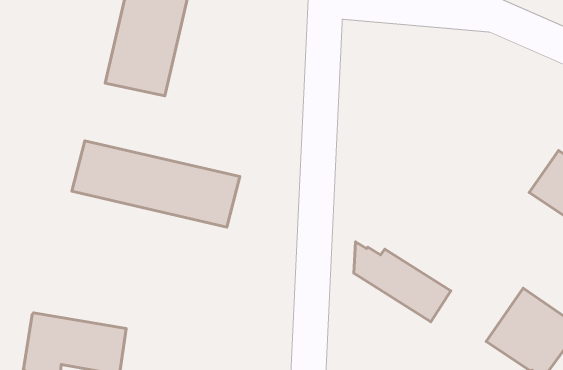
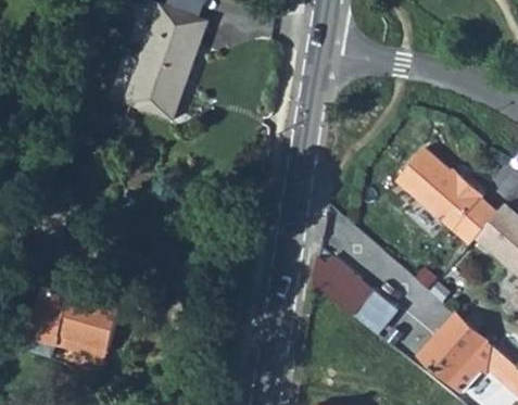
building: none -> [391,145,491,242]
building: [72,141,240,227] -> none

